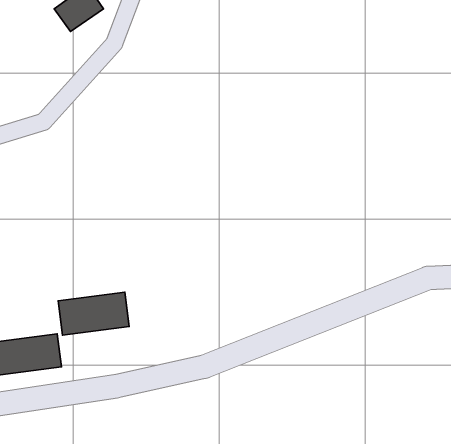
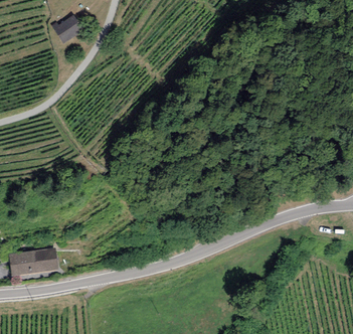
building: [58,292,129,335] -> none

